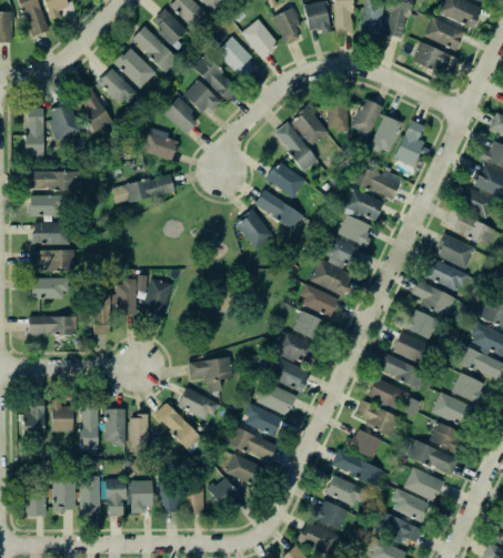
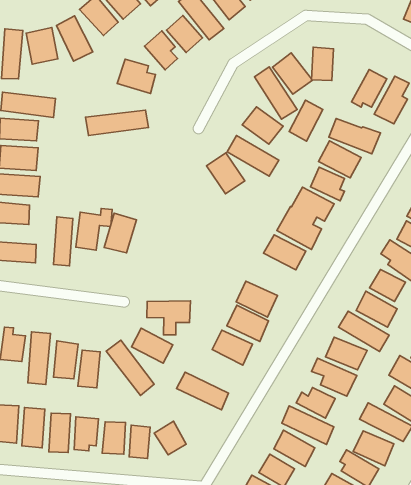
building: [351,99,382,139] -> [289,100,323,141]
building: [293,311,326,342] -> none
building: [242,404,282,436] -> none
building: [225,454,263,486] -> none

